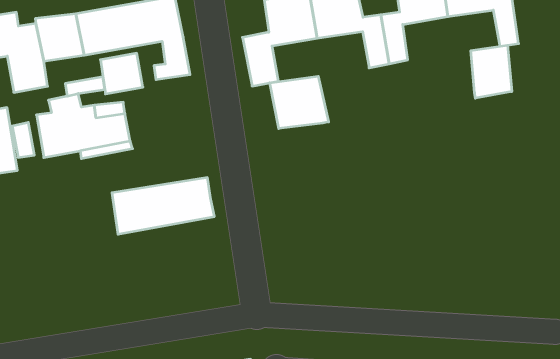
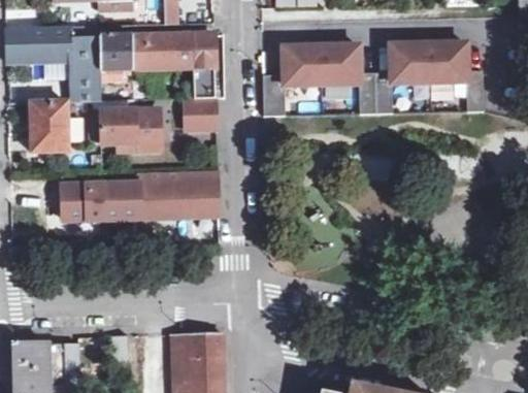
building: [471,45,512,98] -> none
building: [100,53,143,94] -> [183,100,213,129]
building: [270,76,329,129] -> none
building: none -> [59,183,136,219]

